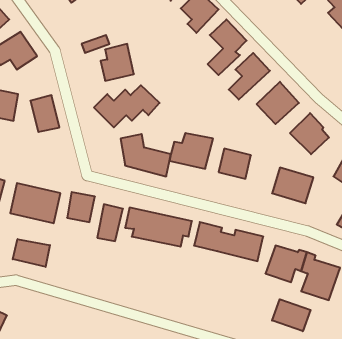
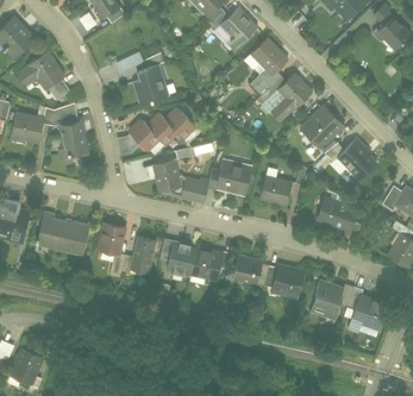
building: [13,239,50,267] -> none
building: [272,299,311,331] -> none

